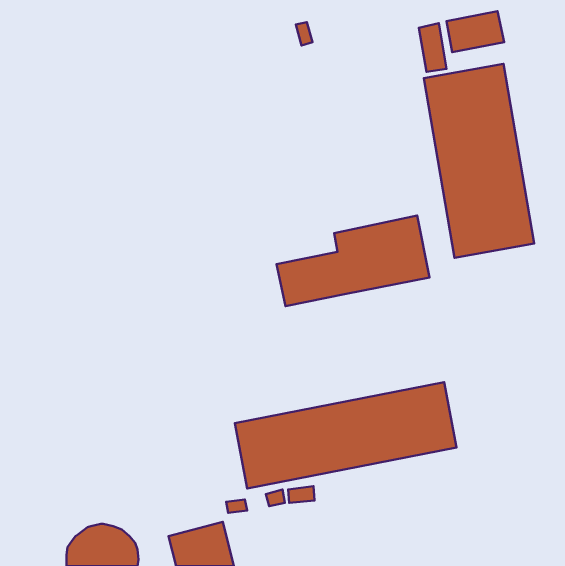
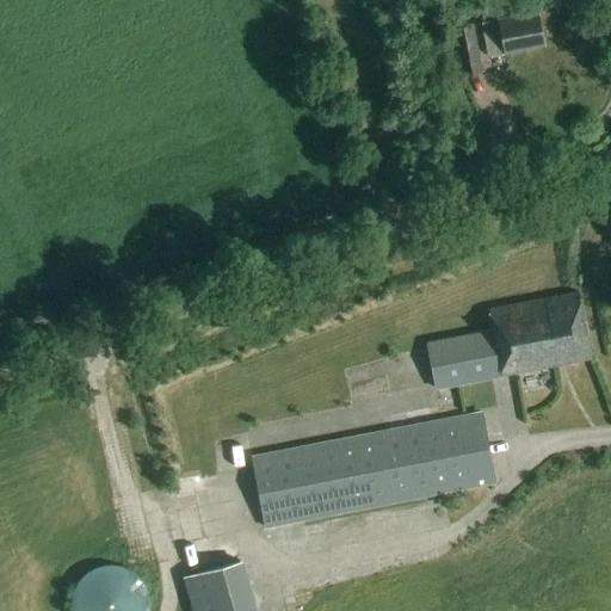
building: [424,64,534,258] -> none
building: [276,215,429,306] -> [426,290,591,388]

